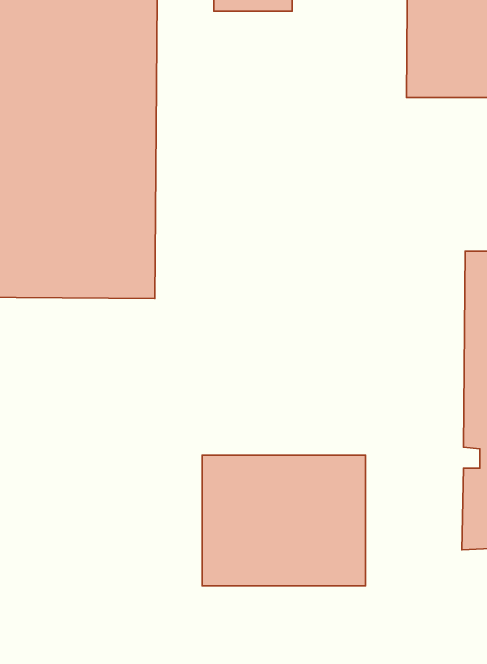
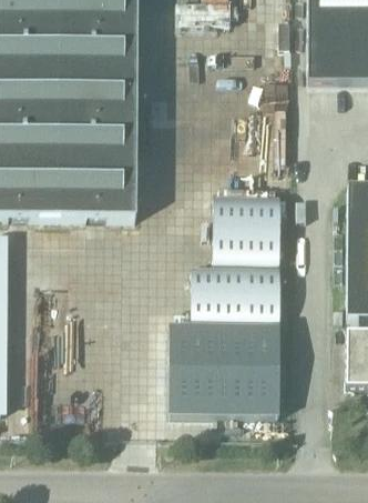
building: none -> [213,195,279,262]
building: none -> [190,266,279,321]

